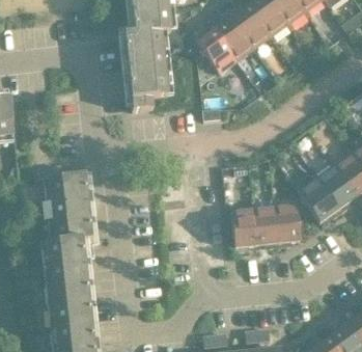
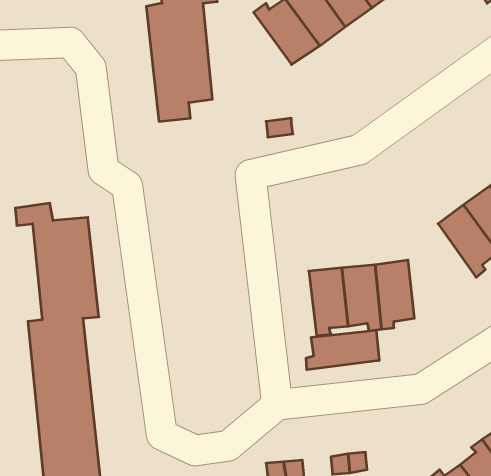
building: [298,177,341,221] -> none
building: none -> [306,330,379,370]

